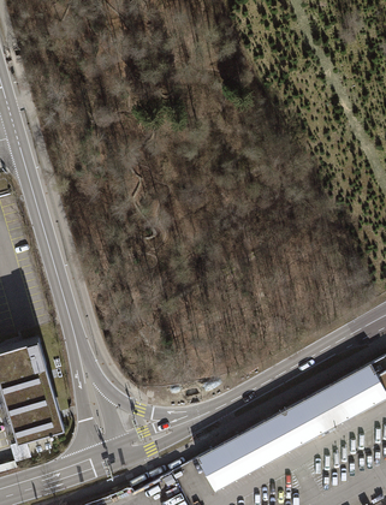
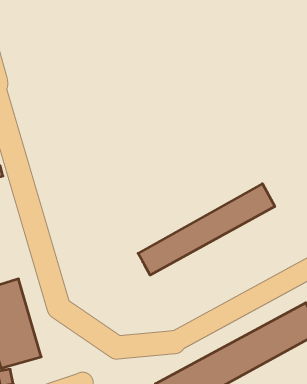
building: none -> [138,184,275,275]

